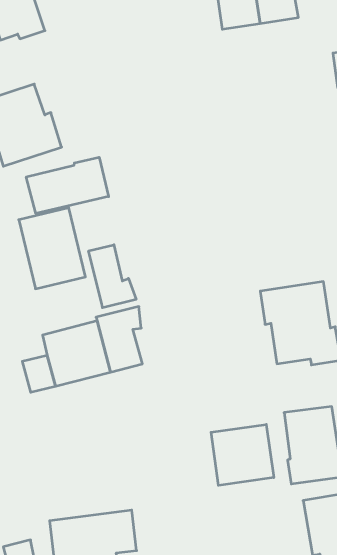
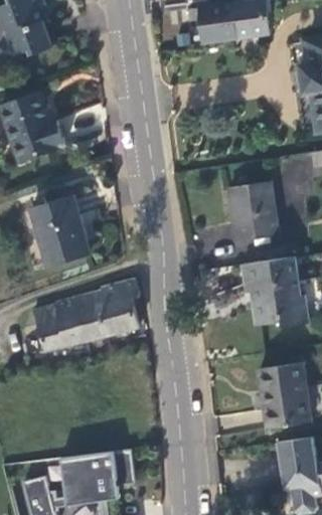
building: [26,157,109,213] -> none
building: none -> [228,181,277,245]
building: [89,245,136,308] -> none
building: [211,424,274,485] -> none

